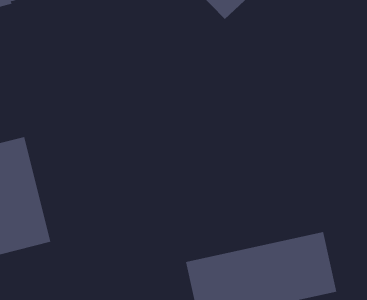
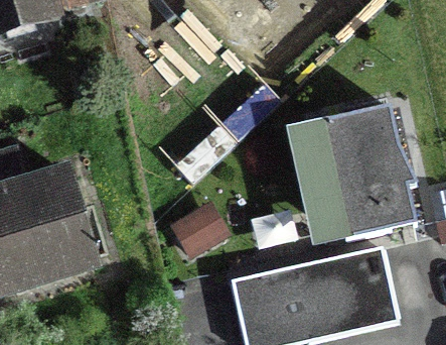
building: none -> [317,100,415,234]

